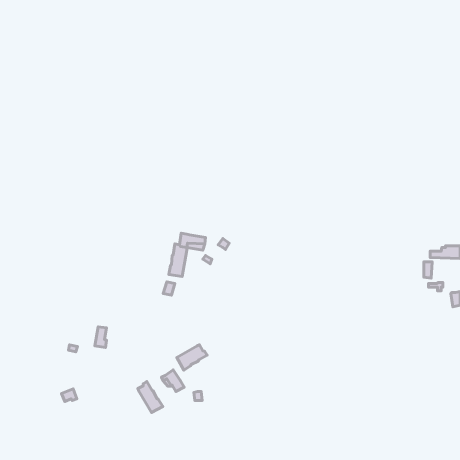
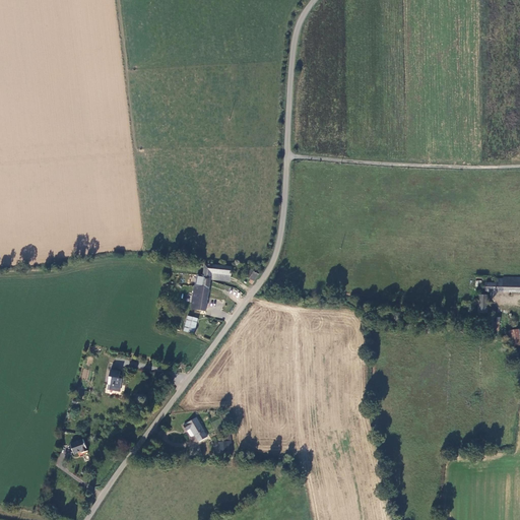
building: [177,345,207,370] -> none
building: [138,382,163,412] -> none

